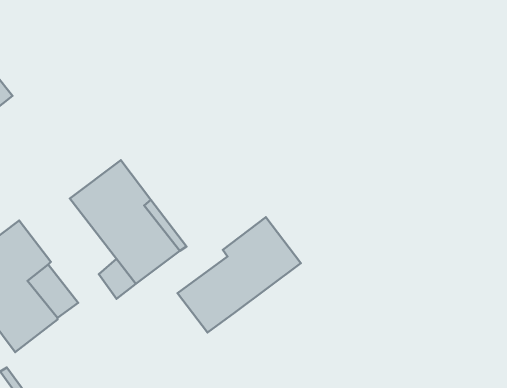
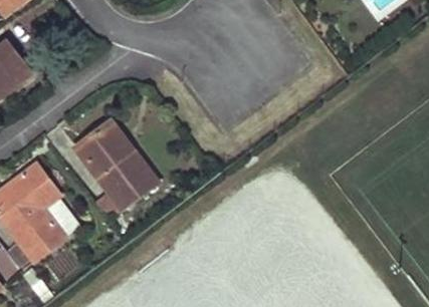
building: [177,217,301,333] -> none

